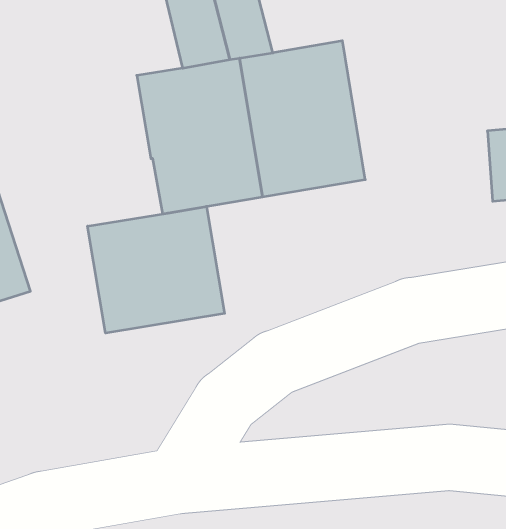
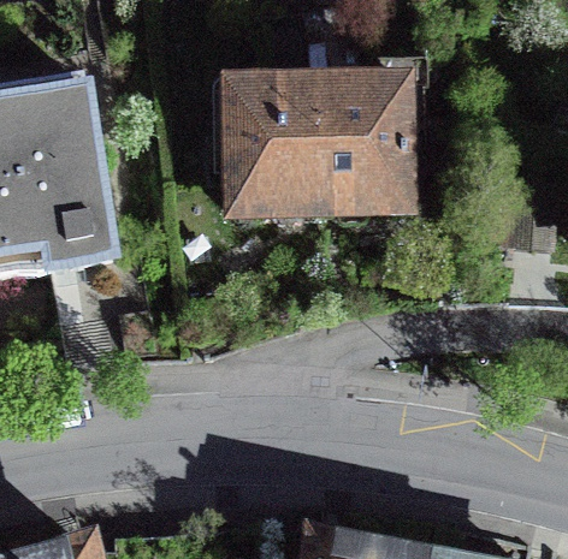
building: [88,206,225,333] -> none

